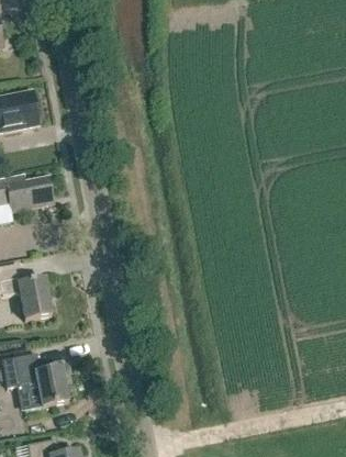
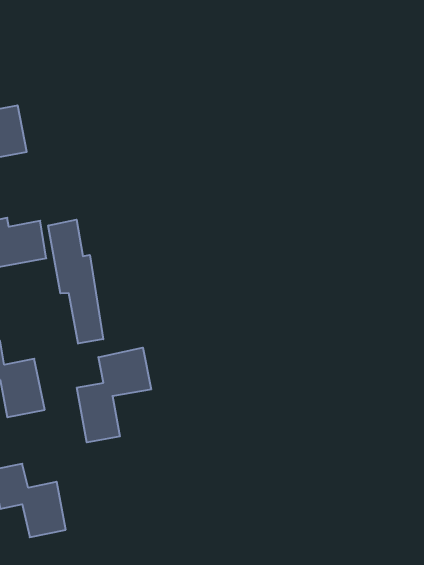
building: none -> [48,220,103,344]
building: none -> [77,348,151,442]

